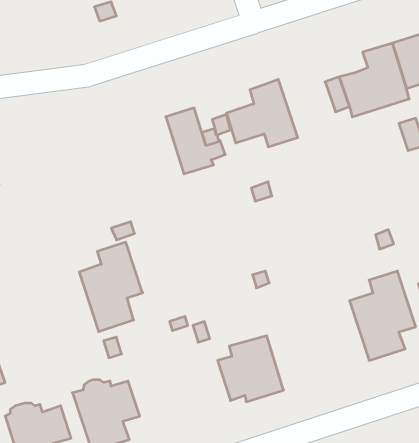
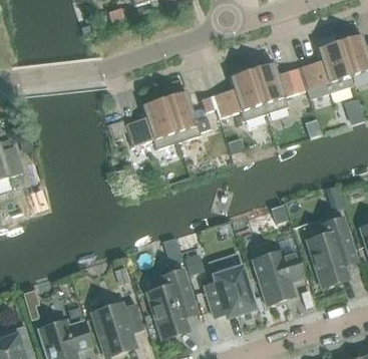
building: none -> [251,61,288,113]
building: none -> [123,97,177,149]
building: [79,242,143,332] -> [146,269,196,338]
building: none -> [253,250,304,304]

